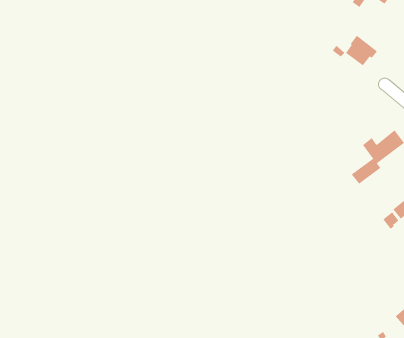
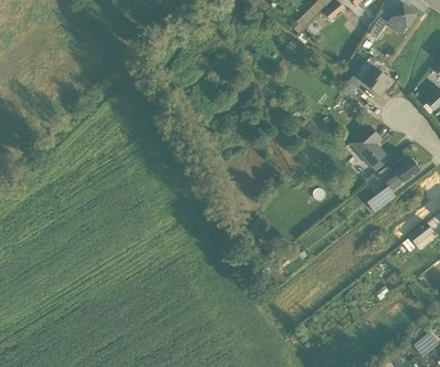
building: none -> [346,124,385,168]

